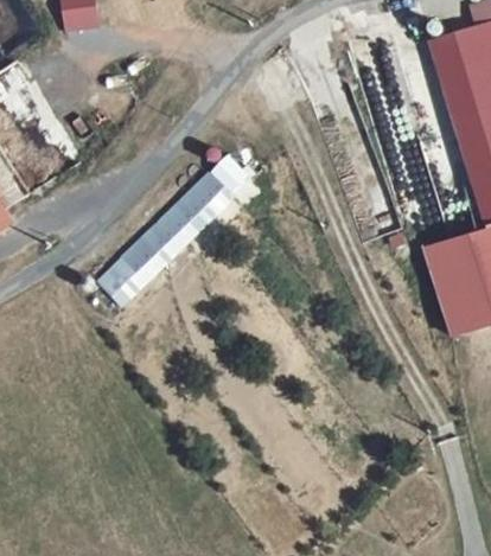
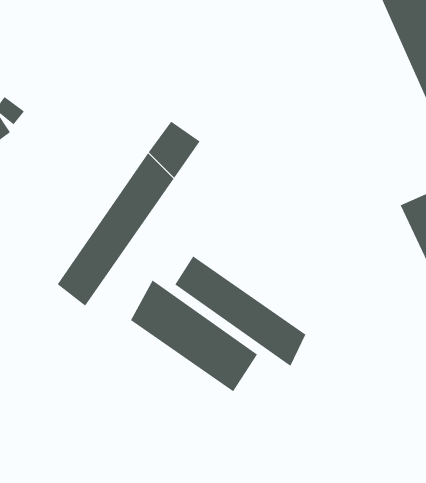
building: none -> [175,255,306,367]
building: none -> [130,280,258,392]

